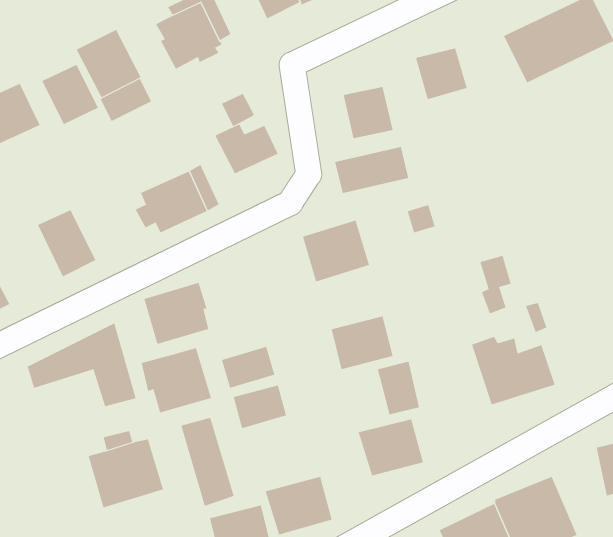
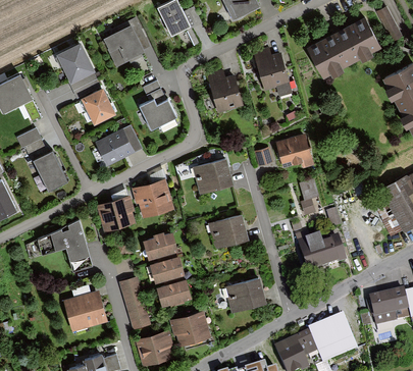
building: [41,64,99,125] -> [81,88,115,124]
building: [335,146,409,194] -> none
building: none -> [17,127,46,156]
building: none -> [276,132,314,167]
building: [141,348,212,413] -> [132,177,174,217]
building: [377,361,419,415] -> none
building: none -> [156,280,191,307]

